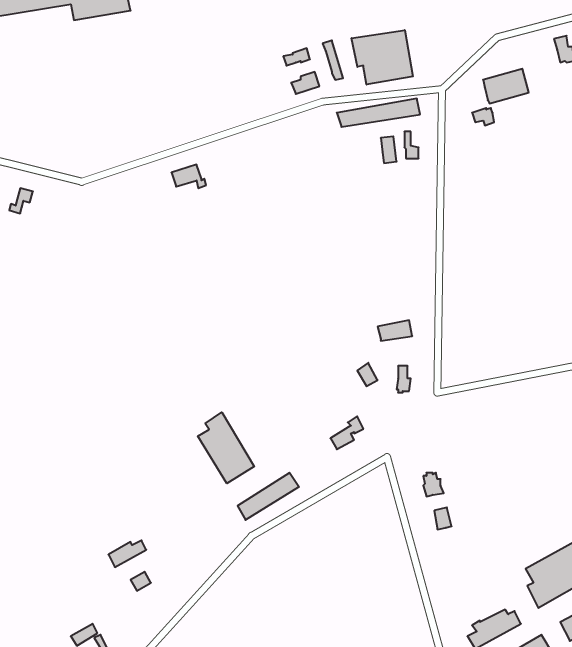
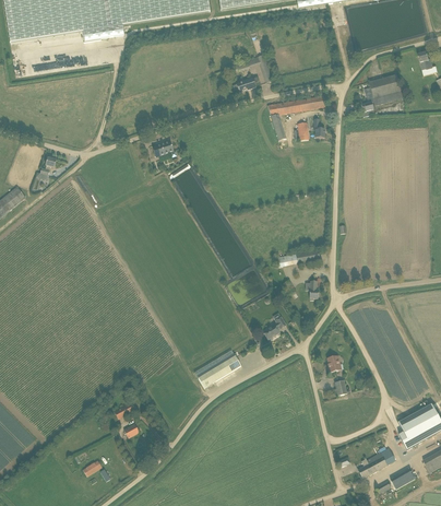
building: [352,30,413,85] -> none
building: [198,412,254,483] -> none

